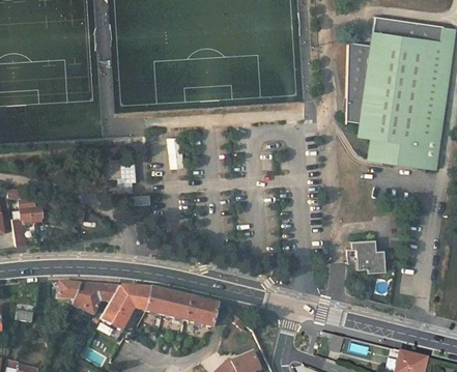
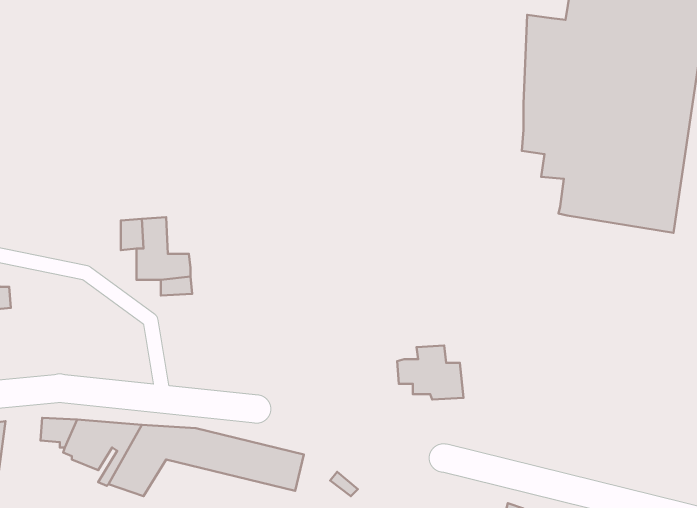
building: [346,237,385,269] -> [397,345,463,399]

